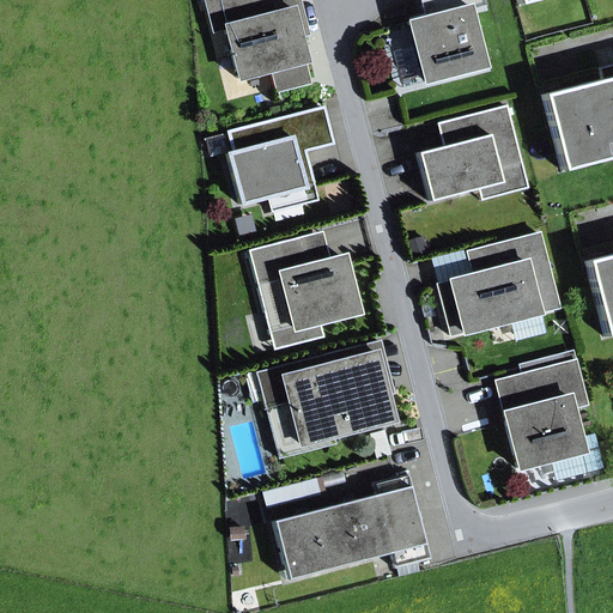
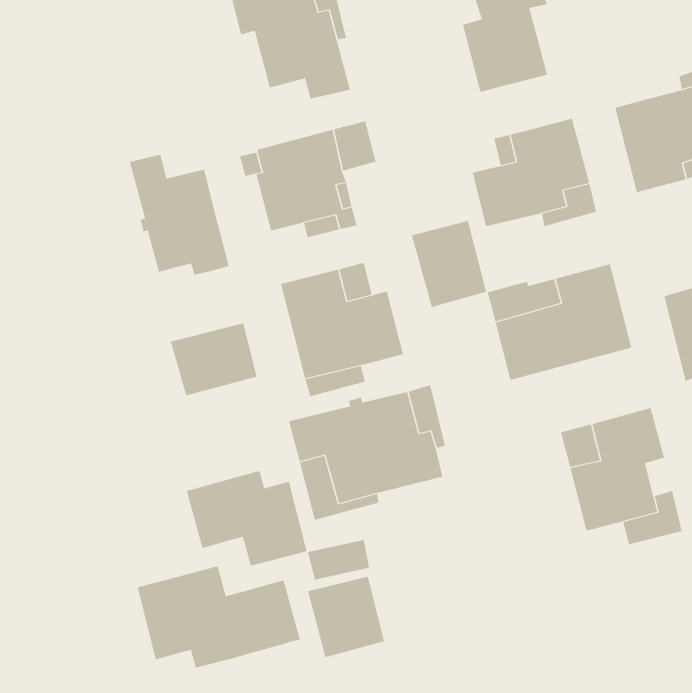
building: none -> [129,154,230,275]
building: none -> [411,220,487,308]
building: none -> [170,323,257,396]
building: none -> [186,470,307,567]
building: [327,473,431,568] -> none
building: none -> [137,566,301,669]

